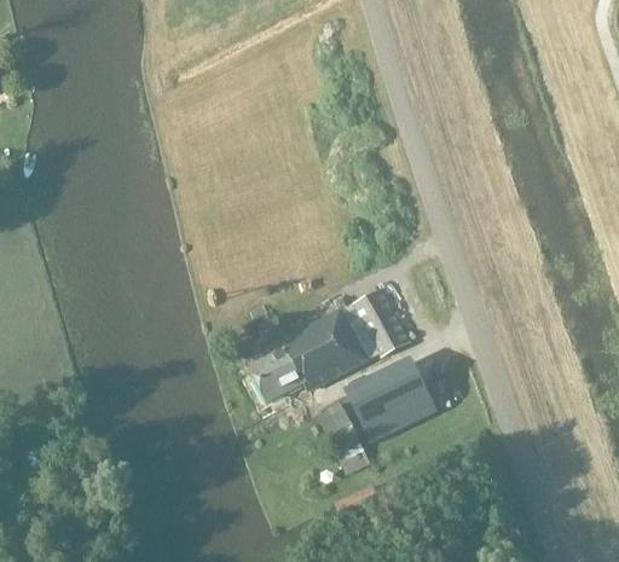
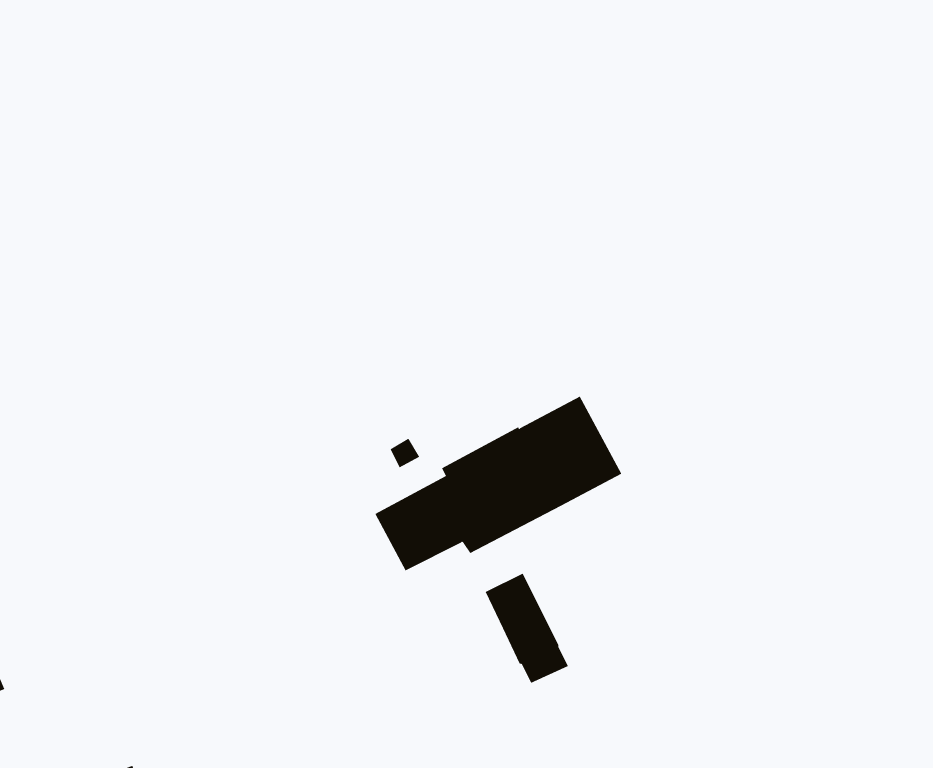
building: [351,363,440,441] -> none

